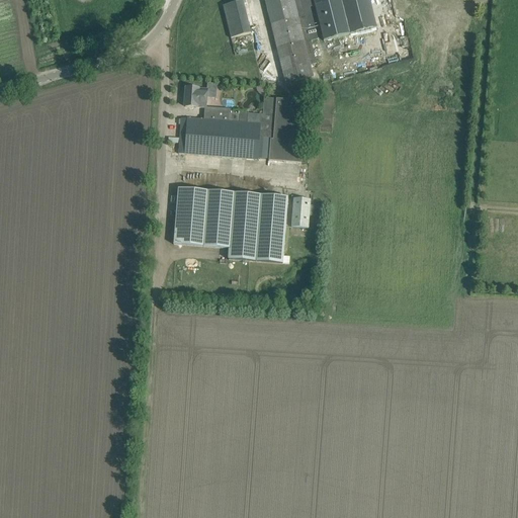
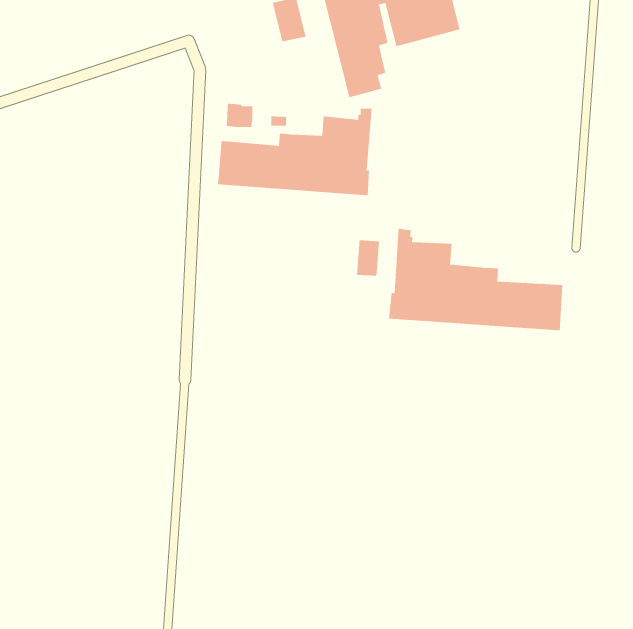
building: none -> [388,228,563,331]
building: [173,186,287,261] -> none

